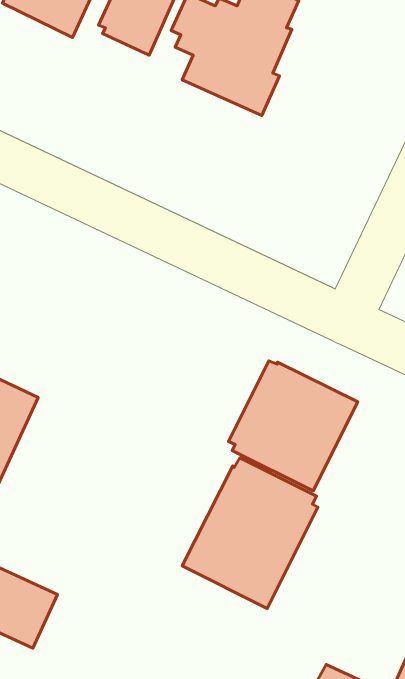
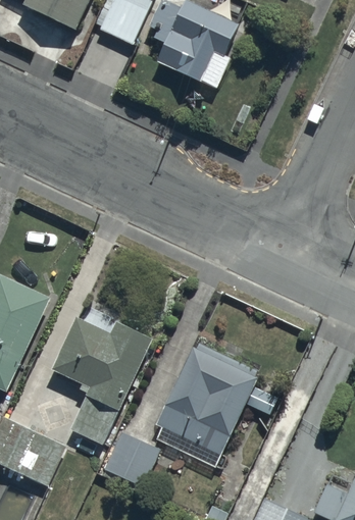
building: [229,361,358,491] -> none
building: none -> [50,317,152,446]
building: none -> [103,431,160,488]

